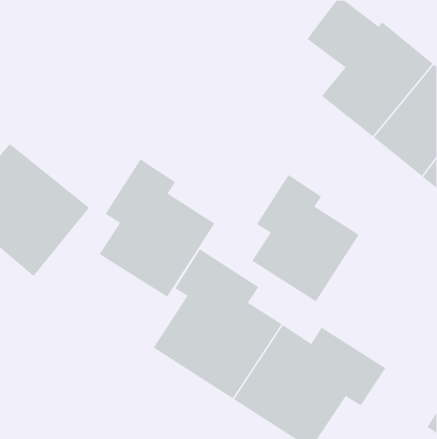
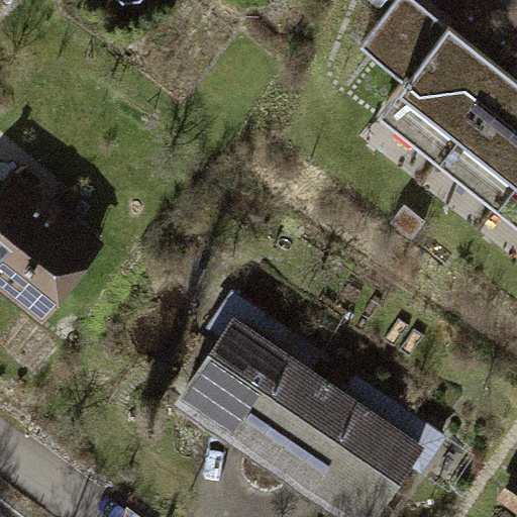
building: [99,159,215,298] -> none
building: [251,174,360,302] -> none

